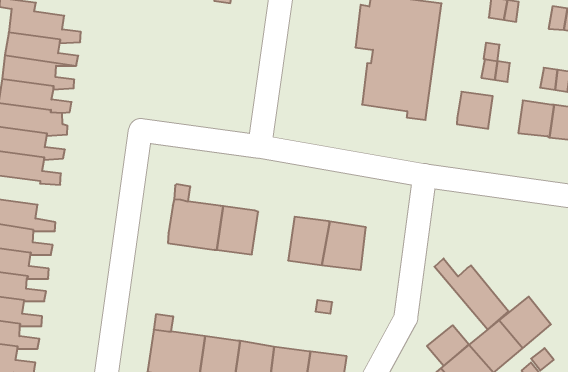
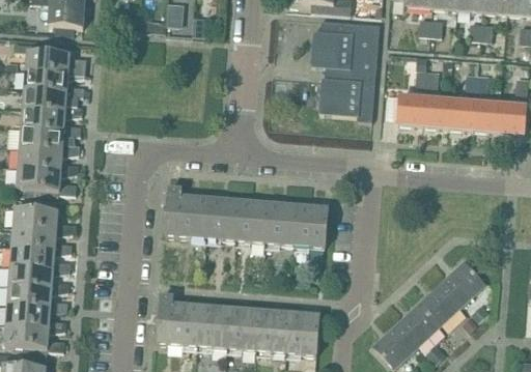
building: none -> [423,97,450,126]
building: none -> [235,204,269,242]
building: [434,258,508,330] -> none
building: [427,325,469,366] -> none

